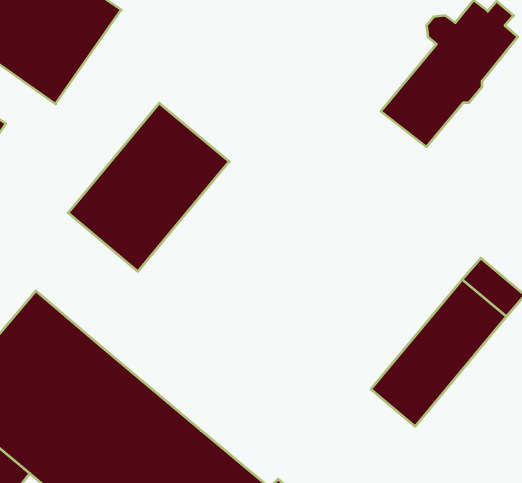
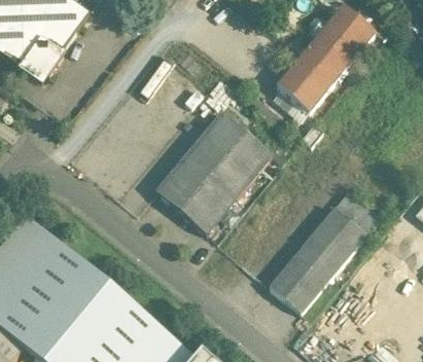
building: [68,103,229,271] -> [156,112,273,233]

